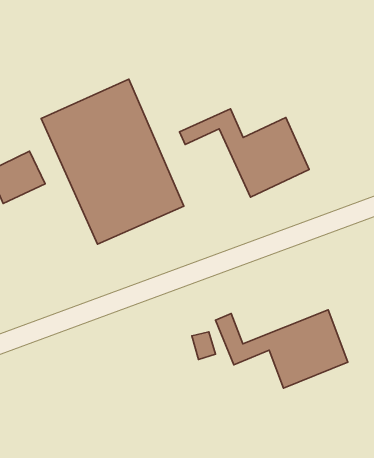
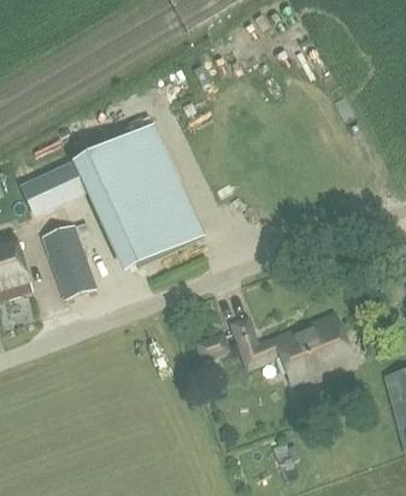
building: [179,109,309,197] -> none
building: none -> [42,228,95,301]

